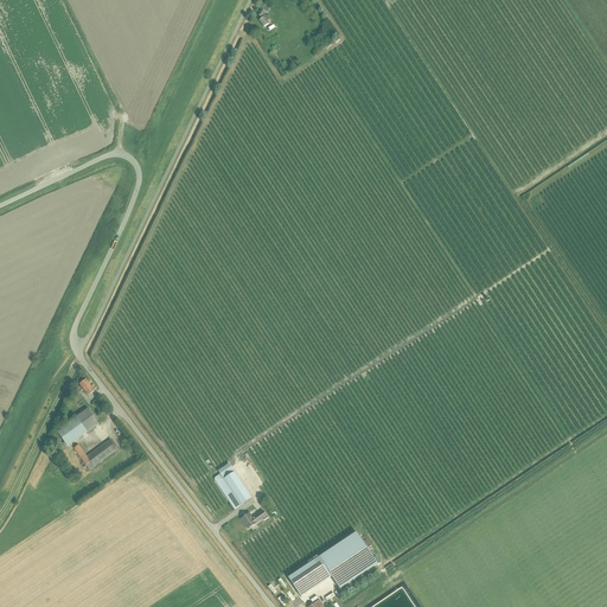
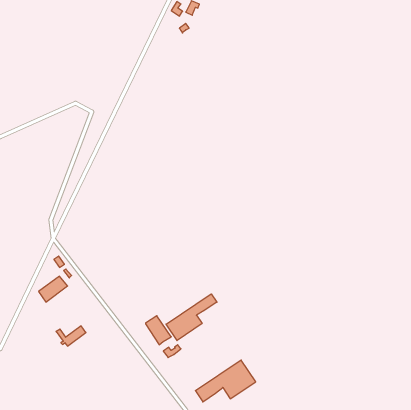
building: none -> [166,294,217,341]
building: [74,437,117,467] -> [56,326,86,346]

